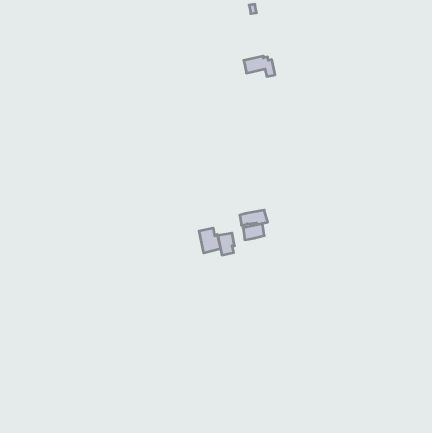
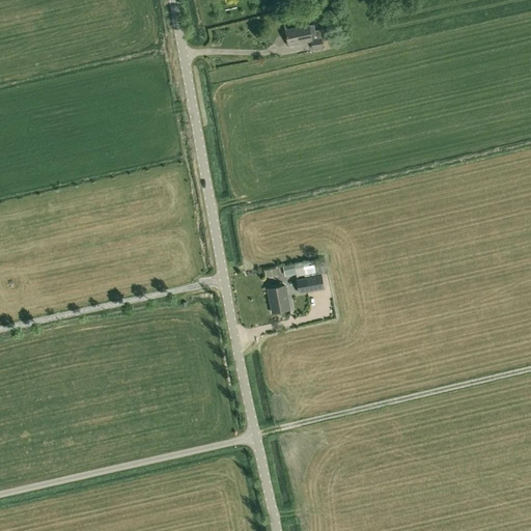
building: [244,56,275,76] -> [284,25,323,50]
building: [199,228,221,253] -> none

